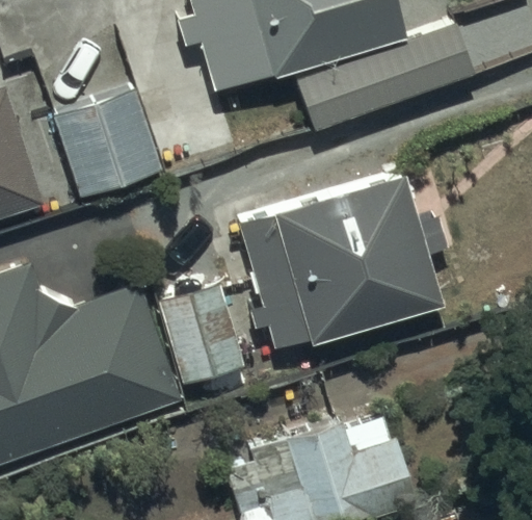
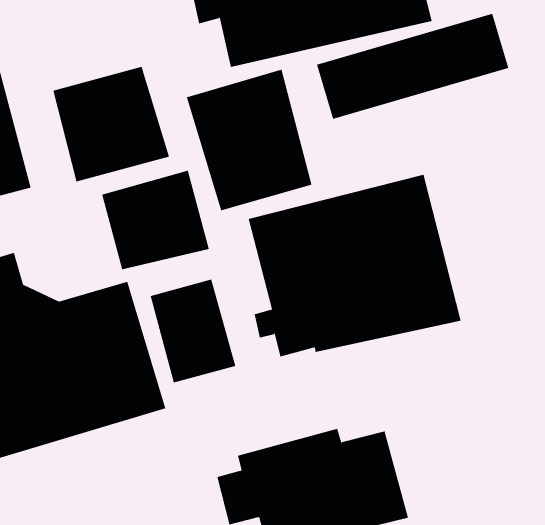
building: none -> [186,69,312,211]
building: none -> [102,170,210,270]

